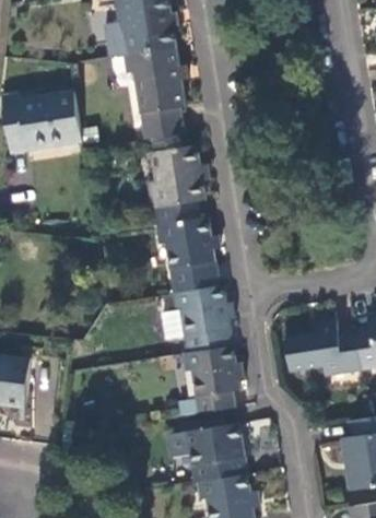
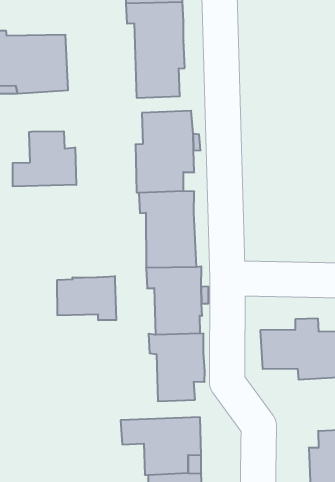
building: none -> [13,131,76,186]
building: none -> [57,276,116,320]

